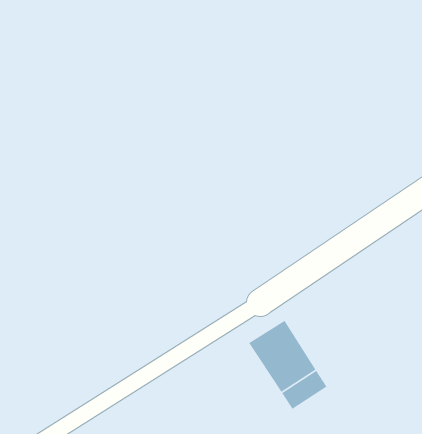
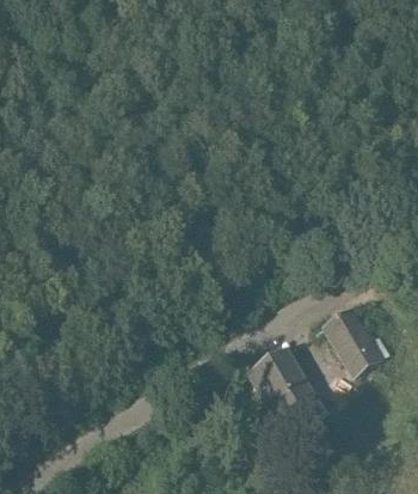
building: none -> [322,309,383,373]

